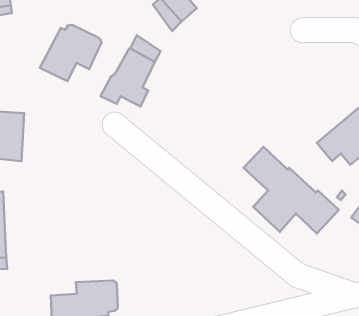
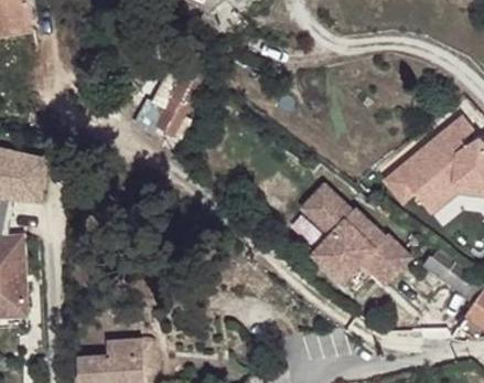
building: [40,25,102,81] -> none

